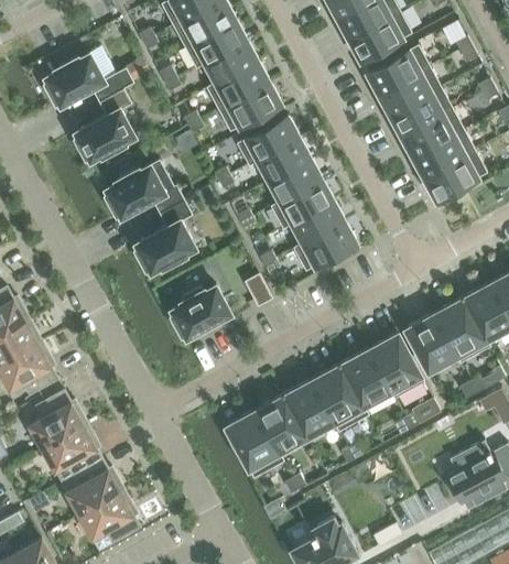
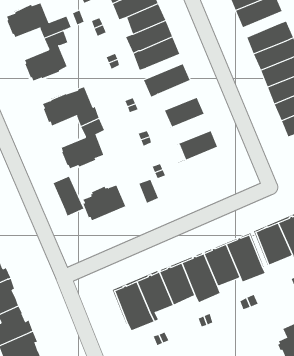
building: [248,138,310,182] -> none
building: [270,181,333,229] -> none
building: [293,223,356,272] -> none
building: none -> [53,176,84,216]

